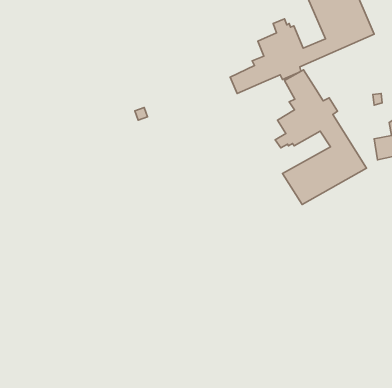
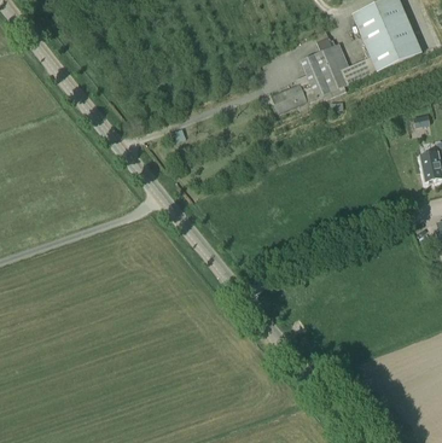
building: [275,70,366,204] -> none

